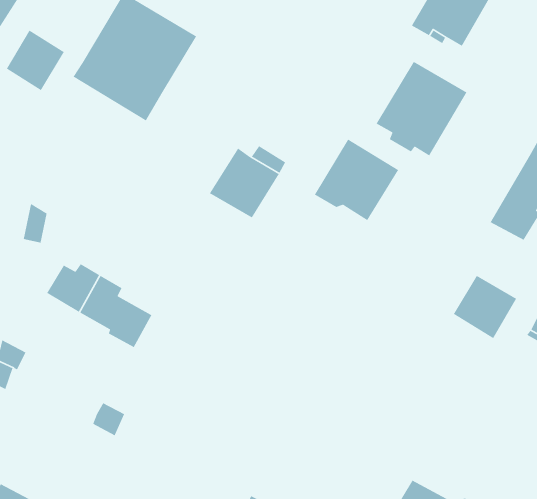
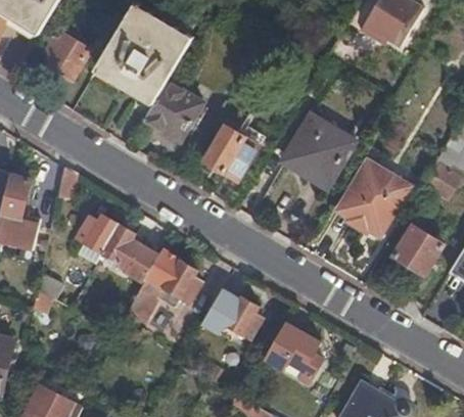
building: [376,61,467,157] -> [336,160,408,235]
building: none -> [143,82,202,141]
building: none -> [128,249,201,319]
building: none -> [205,285,263,339]
building: none -> [264,322,323,385]

